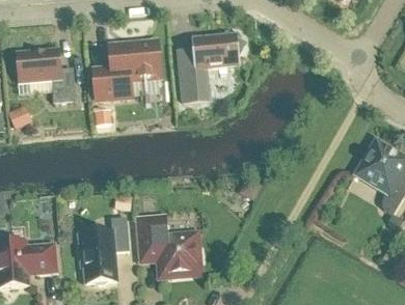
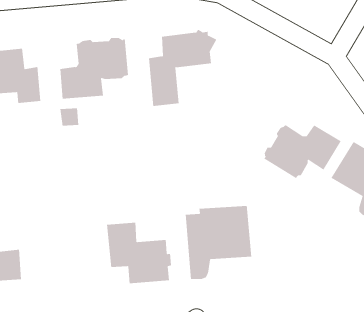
building: none -> [263,124,342,179]
building: none -> [185,205,252,280]
building: [78,216,129,282] -> none

